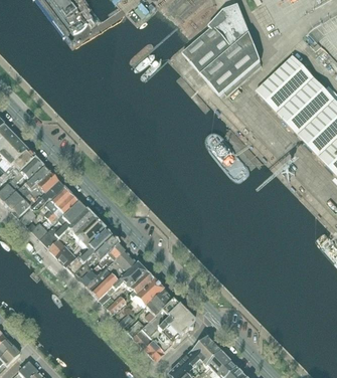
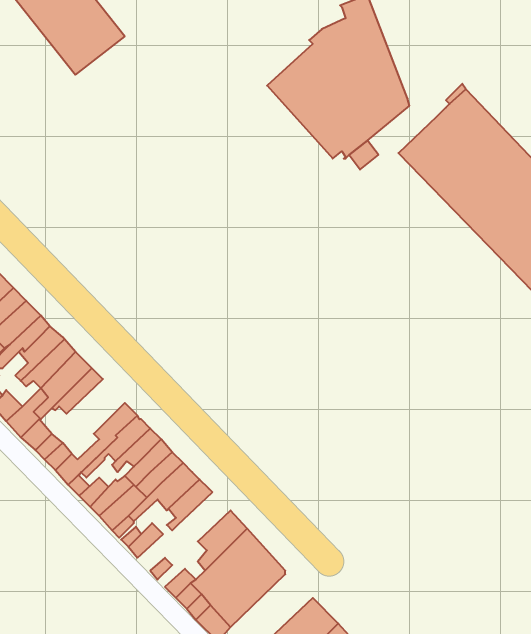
building: [72,215,105,246] -> none
building: [134,277,163,306] -> none

